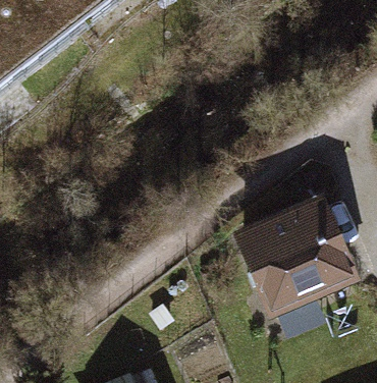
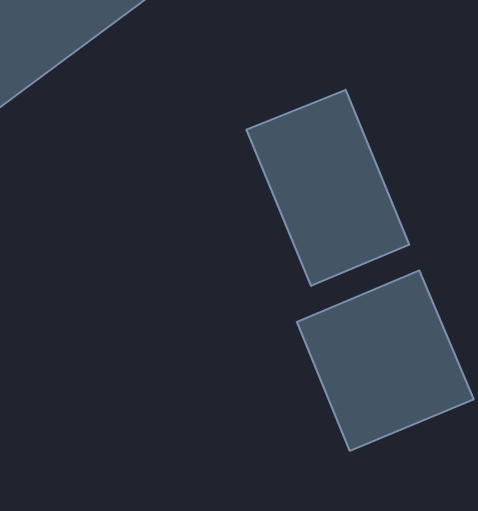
building: none -> [247,90,409,286]

